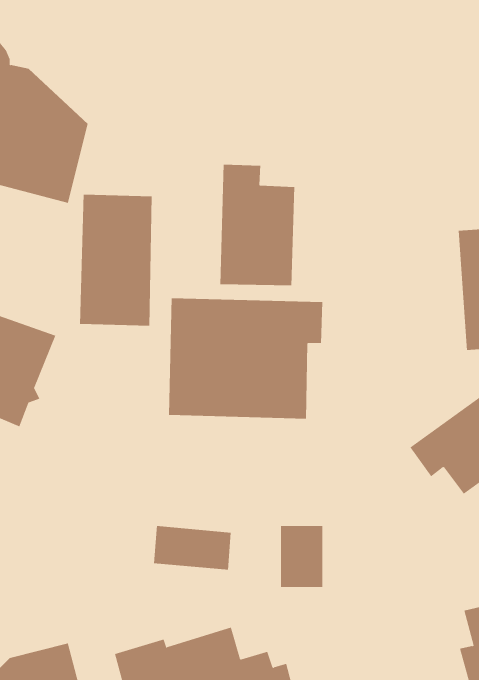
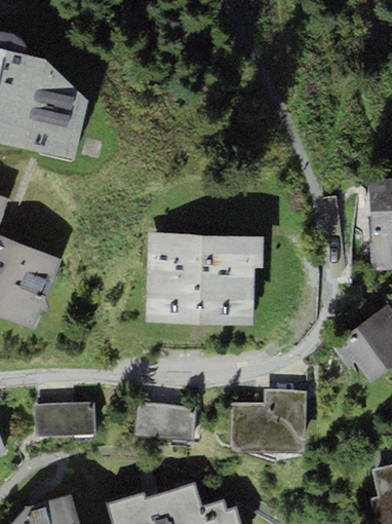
building: [220,164,295,286] -> none
building: [79,194,152,326] -> none
building: none -> [265,391,305,452]
building: none -> [35,402,96,436]

